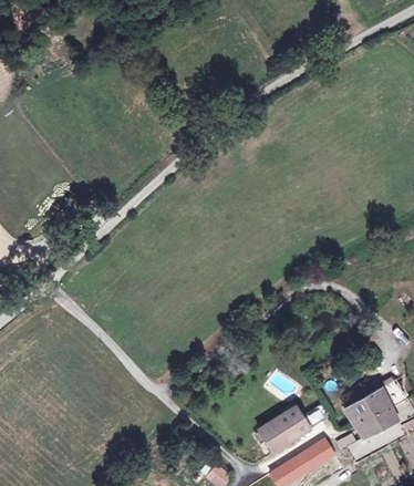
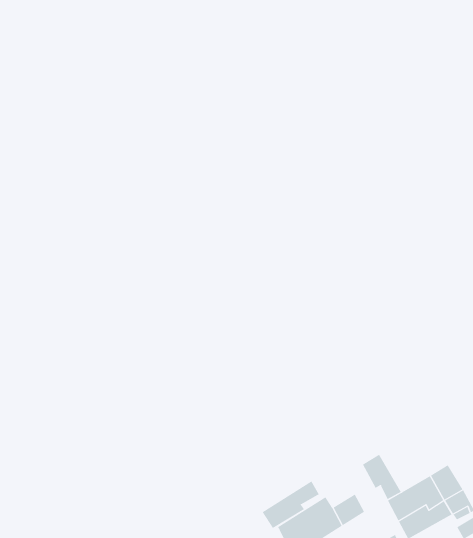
building: none -> [362,454,402,500]
building: none -> [262,481,320,529]

